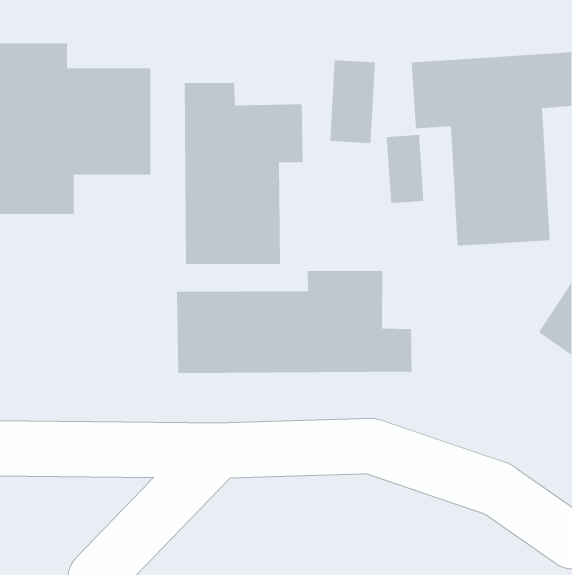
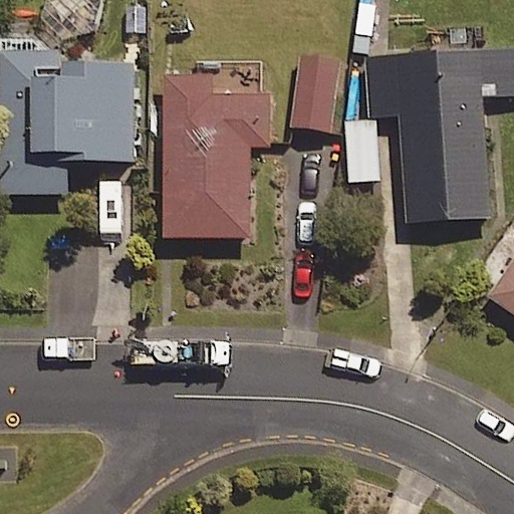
building: [176,270,412,374] -> none

